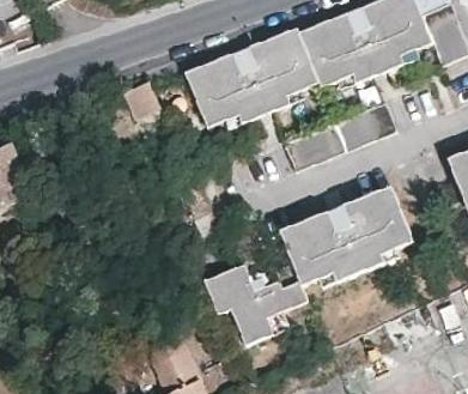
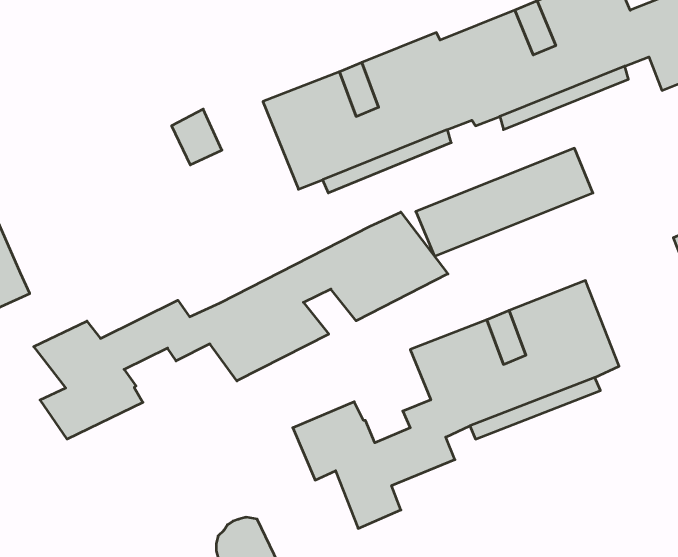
building: none -> [34,212,448,439]

